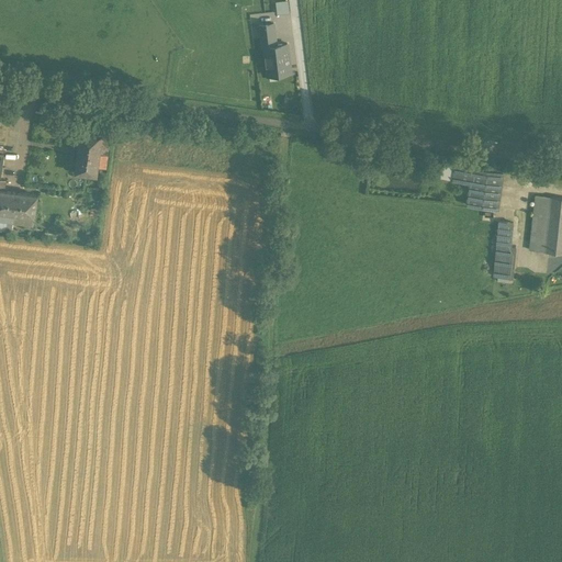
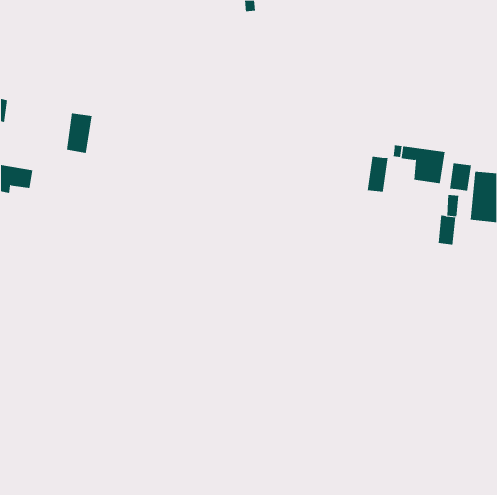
building: [259,24,291,77] -> none
building: none -> [367,156,388,193]
building: none -> [449,162,471,192]

